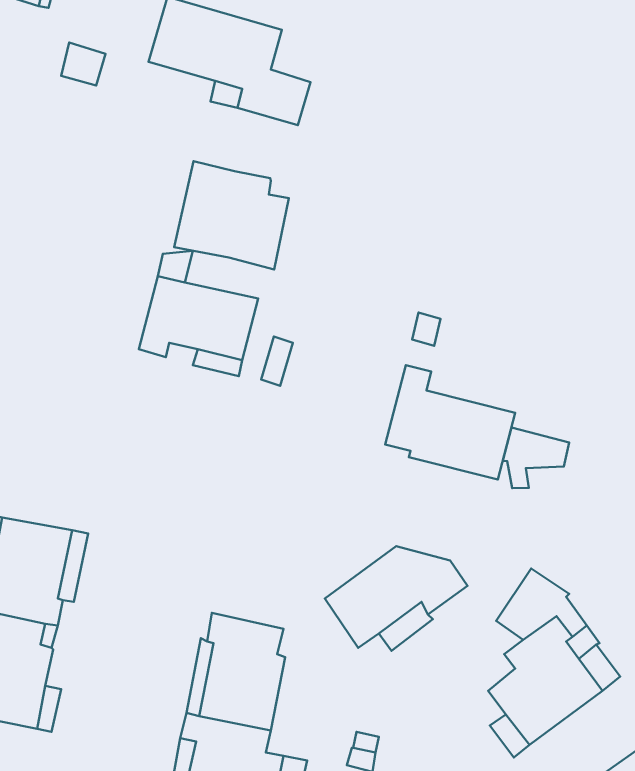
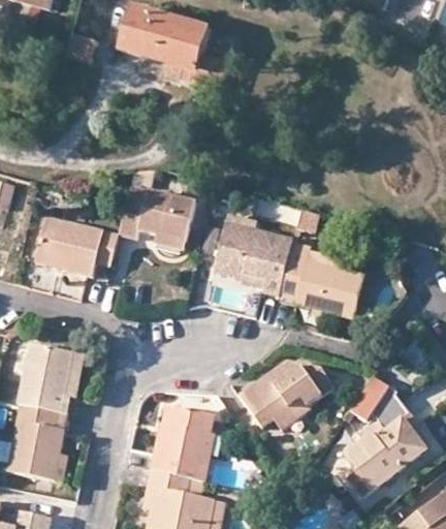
building: [174,161,289,269] -> none
building: none -> [35,217,118,275]
building: none -> [214,222,293,295]
building: [503,427,569,488] -> none

